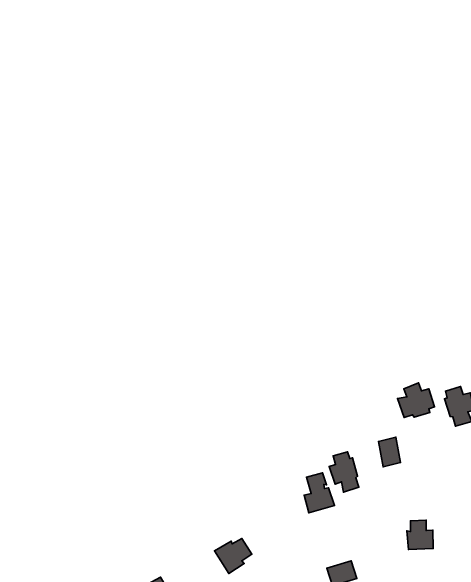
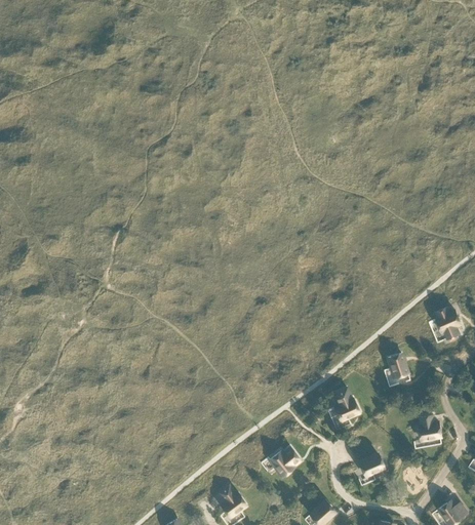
building: [398,383,434,418] -> none
building: [329,452,359,492] -> none

